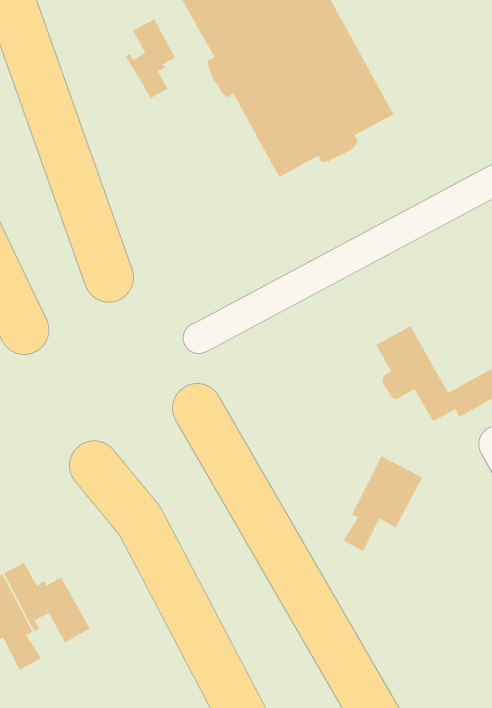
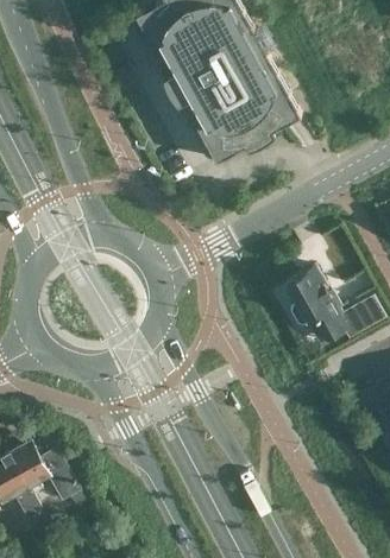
building: [125,18,176,99] -> none
building: [342,455,423,553] -> none

